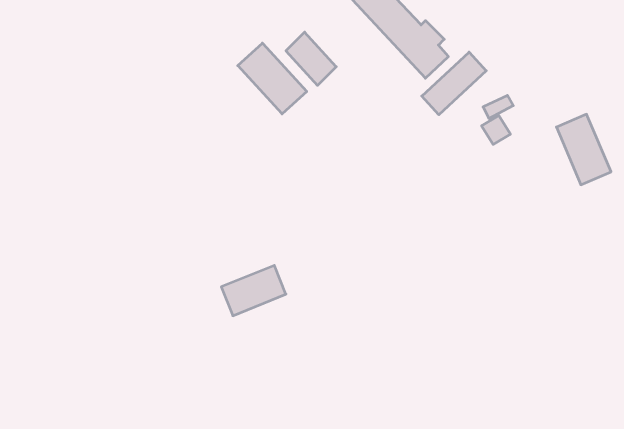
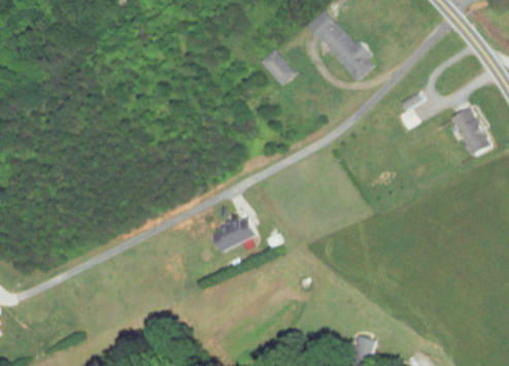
building: [238,43,307,114] -> none
building: [422,52,486,115] -> none

